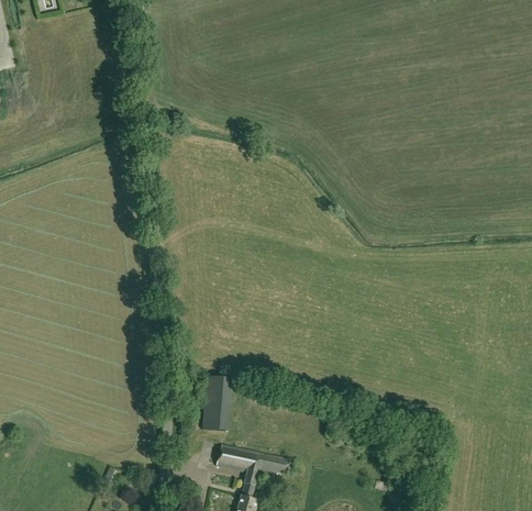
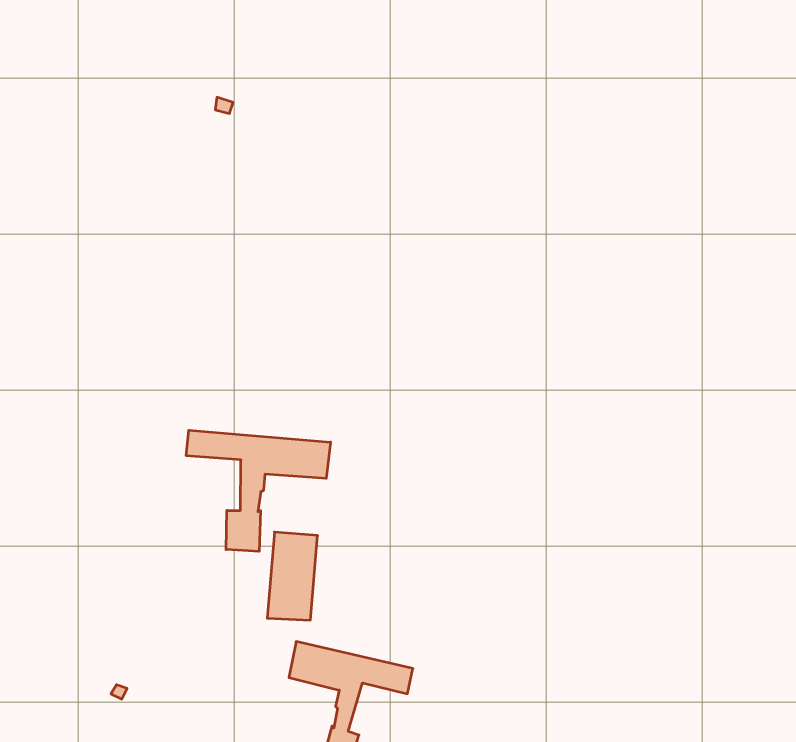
building: none -> [186,430,331,551]

